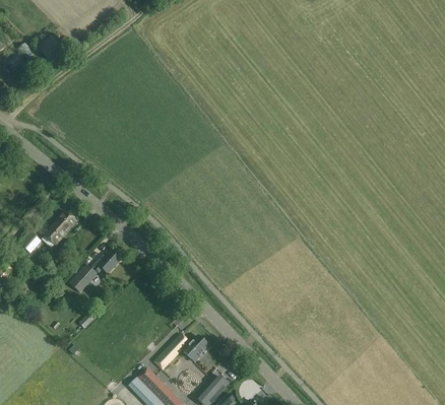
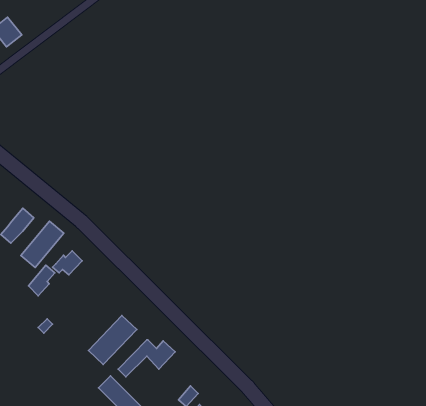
building: none -> [21,221,64,268]
building: none -> [88,315,137,365]

